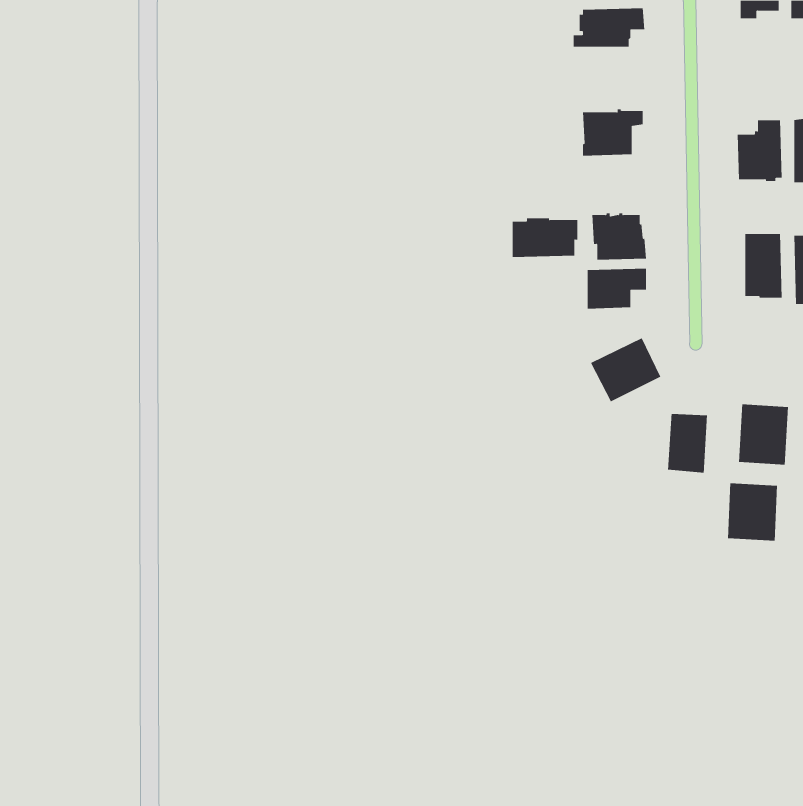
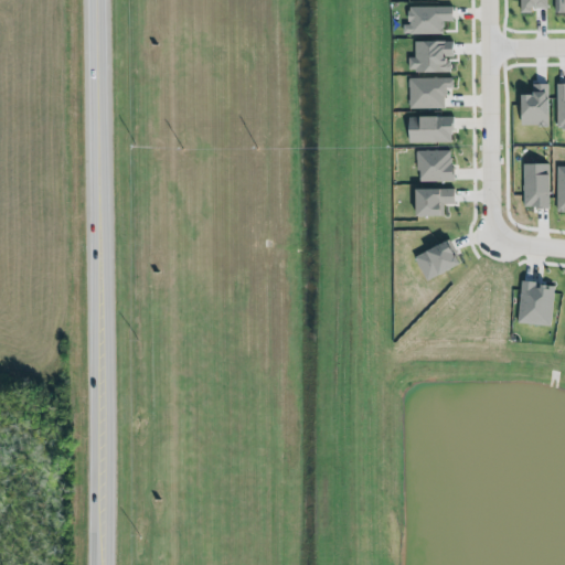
building: none -> [408,40,454,73]
building: [512,218,578,257] -> [408,116,455,143]
building: [668,413,707,473] -> none
building: [727,483,778,542] -> none

